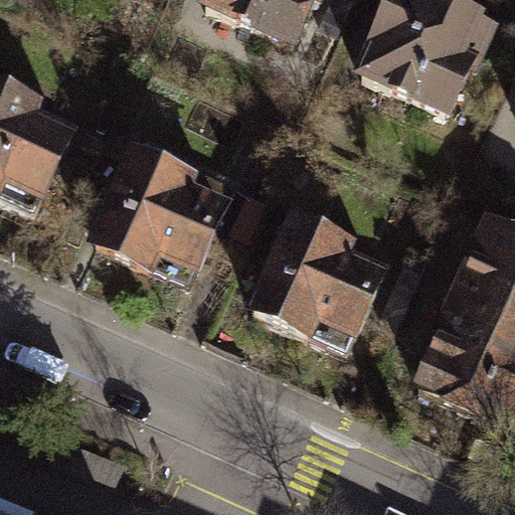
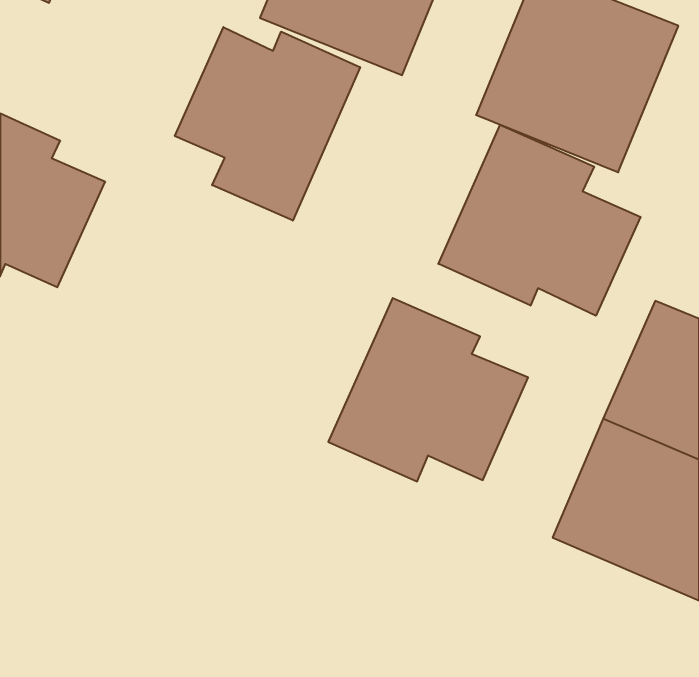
building: none -> [175,27,360,221]
building: none -> [438,125,641,316]
building: [82,148,232,290] -> none

